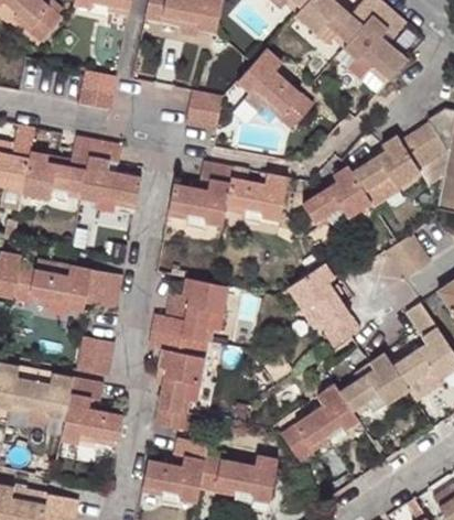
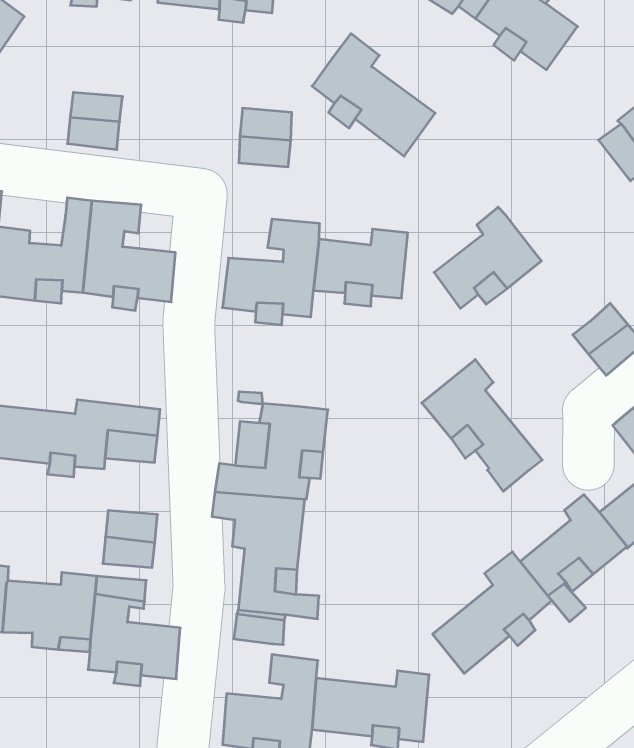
building: [352,136,421,205] -> none

